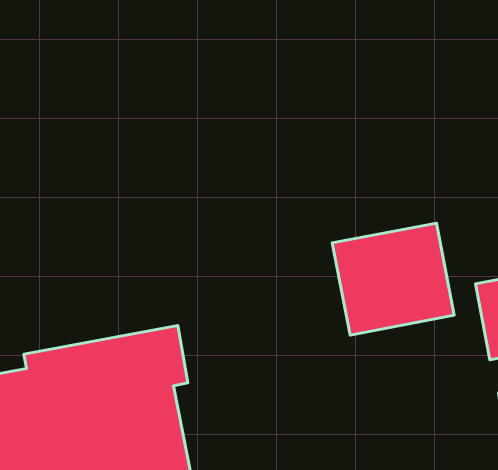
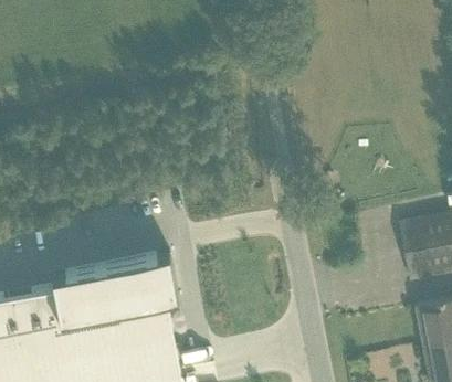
building: [332,223,454,335] -> none

